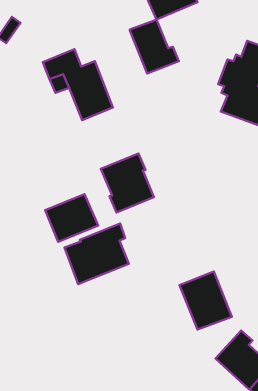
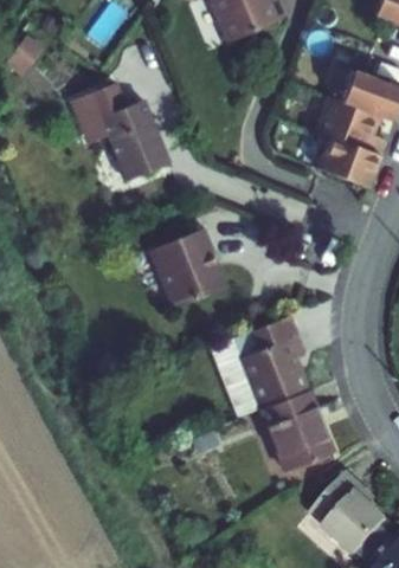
building: [130,19,179,74] -> none
building: [45,194,98,242] -> none
building: [65,224,129,284] -> [218,333,307,417]

